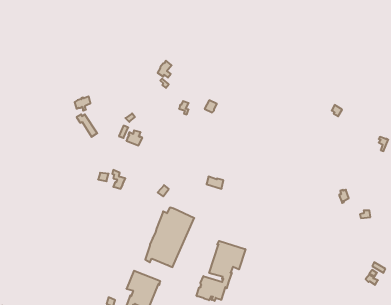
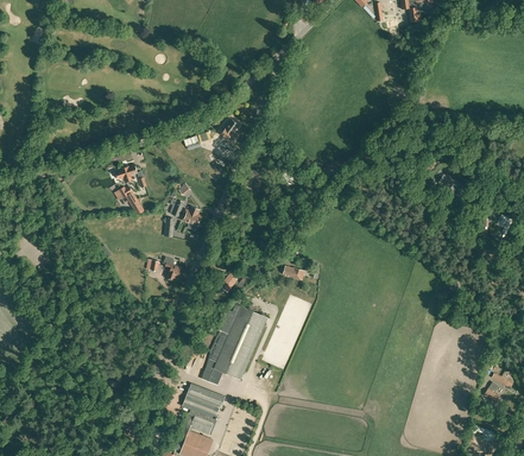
building: [196,241,245,301] -> none

